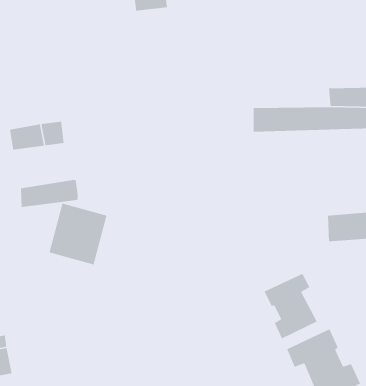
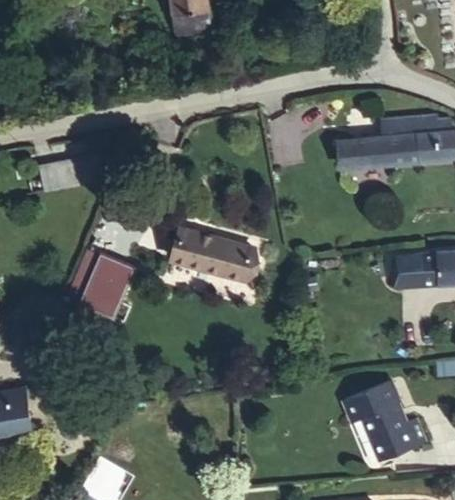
building: [20,179,79,208] -> none
building: none -> [172,231,253,283]
building: [264,273,318,339] -> none

